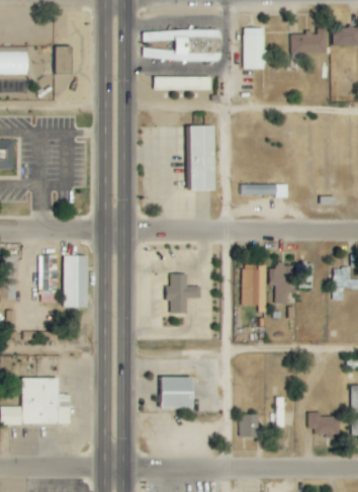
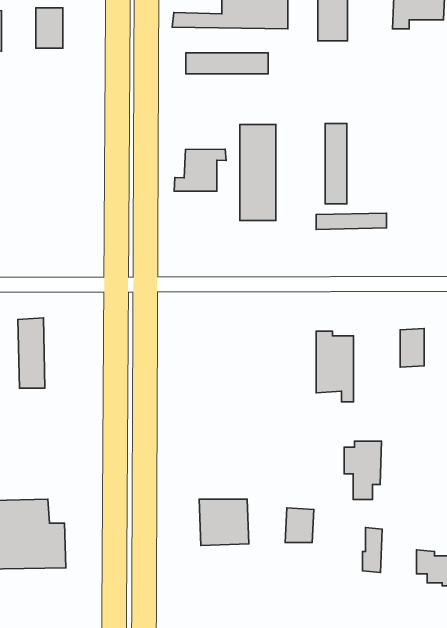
building: none -> [325,124,347,204]
building: none -> [174,149,226,191]
building: [63,255,88,308] -> none
building: [268,264,293,304] -> [344,441,382,499]
building: [168,274,200,314] -> none
building: [239,414,258,437] -> [285,508,314,542]

